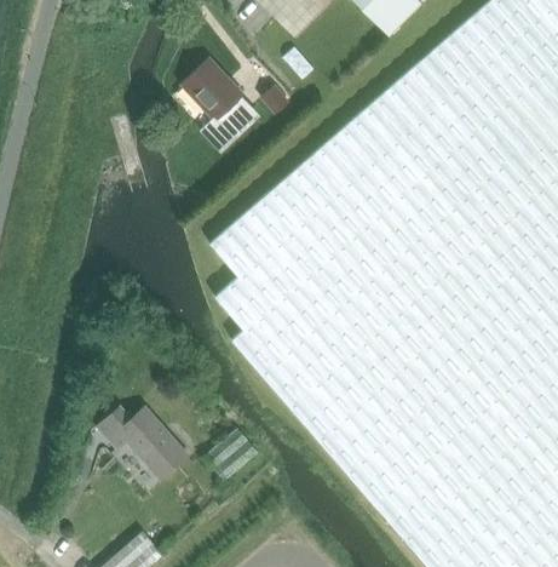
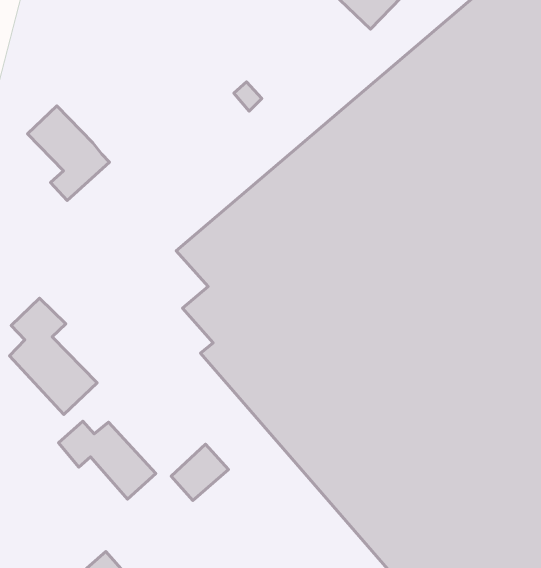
building: [183,57,260,147] -> [28,106,109,200]
building: none -> [9,298,97,415]

